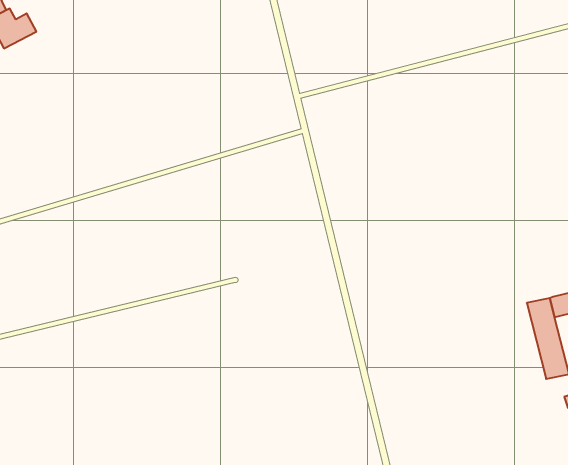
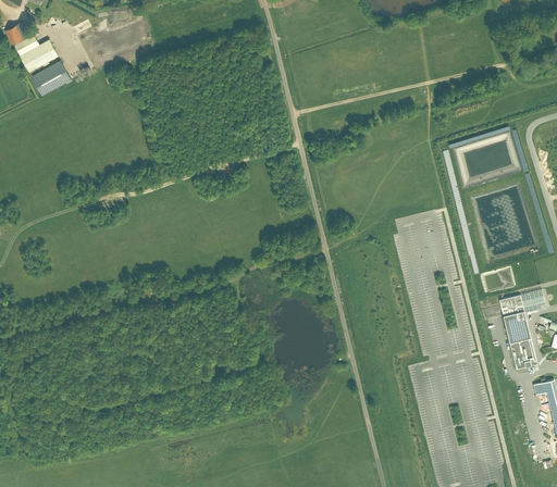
building: none -> [30,60,71,96]

